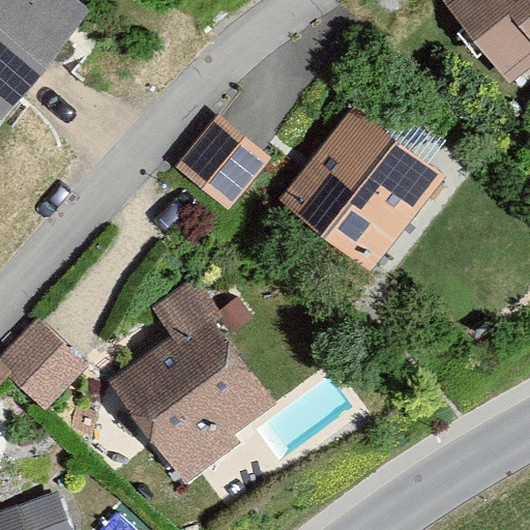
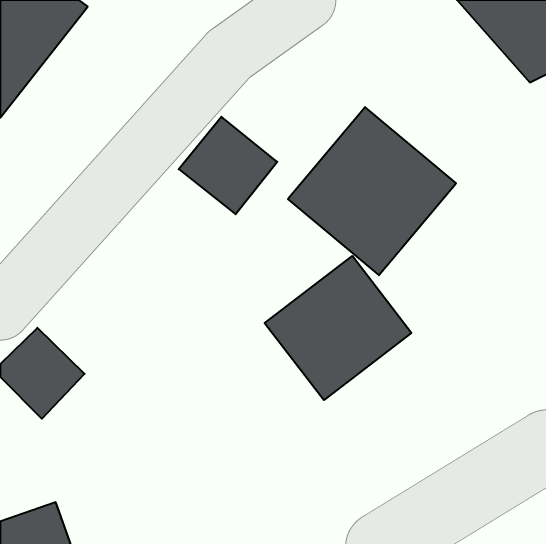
building: none -> [265,256,411,400]
building: [111,283,274,476] -> none

